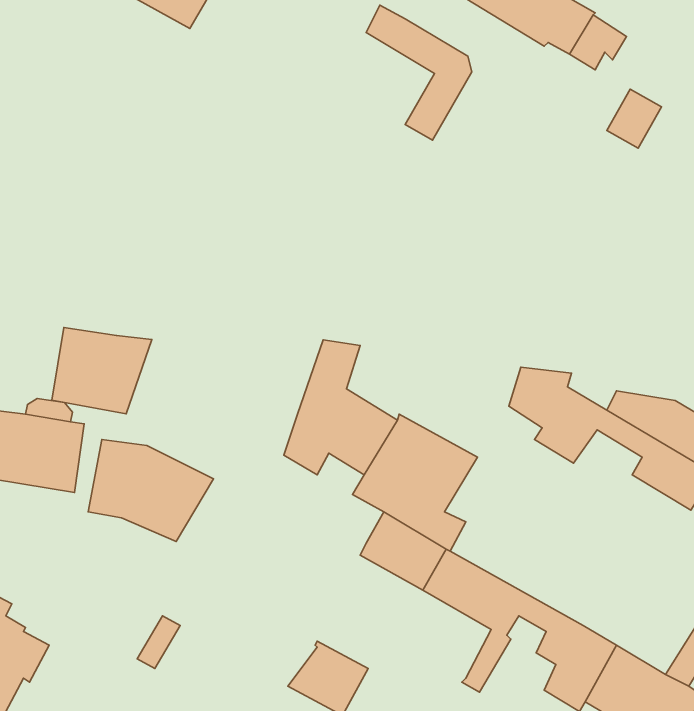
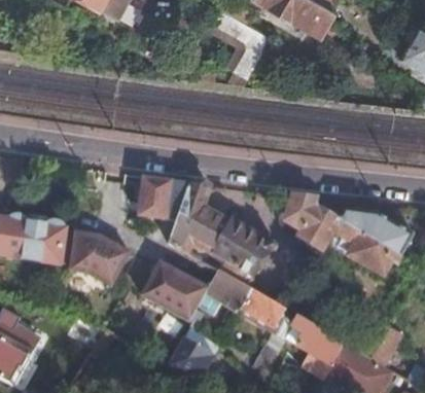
building: [52,328,152,414] -> [135,176,187,221]
building: none -> [143,262,210,324]

